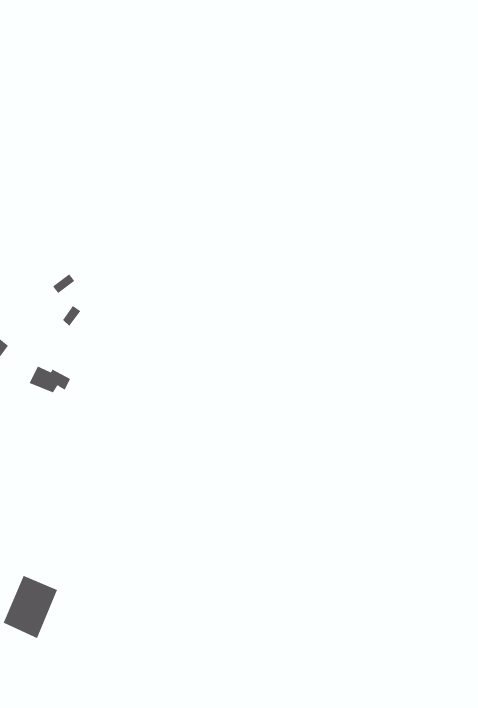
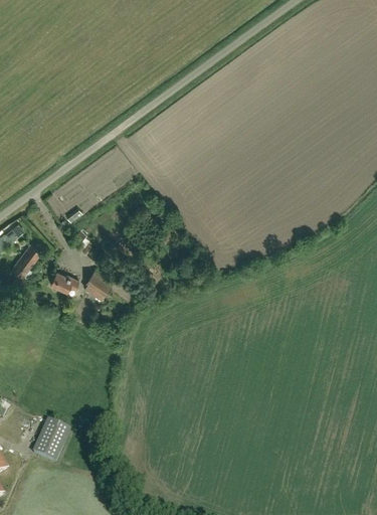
building: none -> [83,268,114,298]

